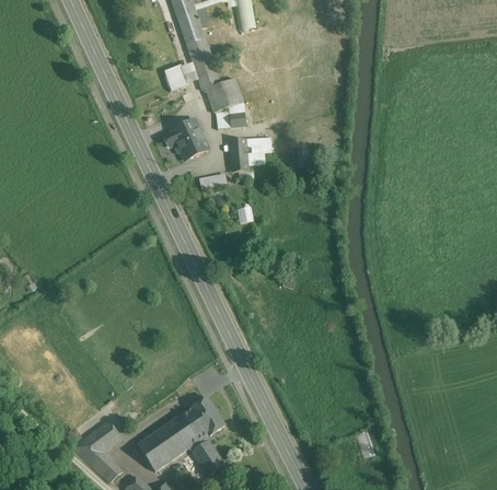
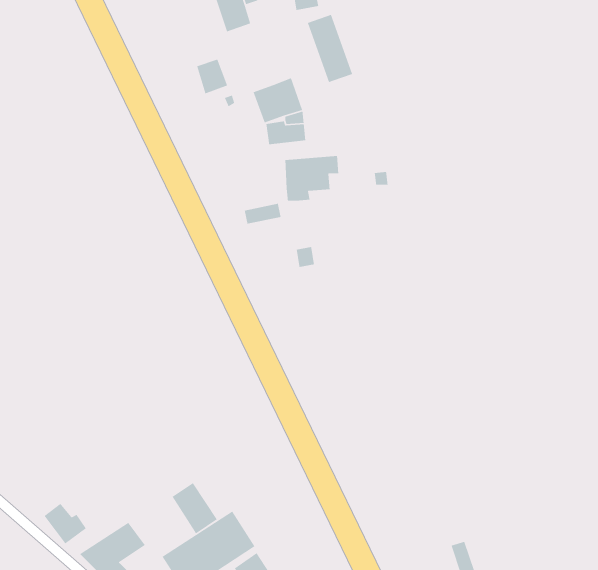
building: [185,38,220,91] -> [307,14,353,83]
building: [163,120,208,161] -> none
building: [189,396,224,435] -> [172,482,218,534]
building: none -> [44,503,87,544]

